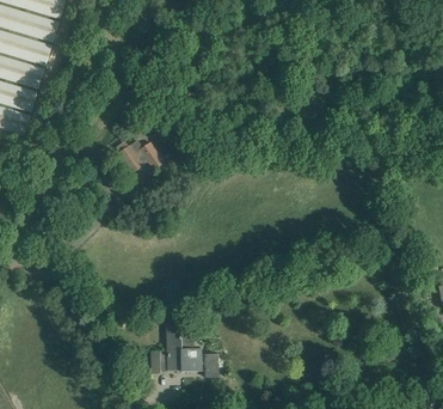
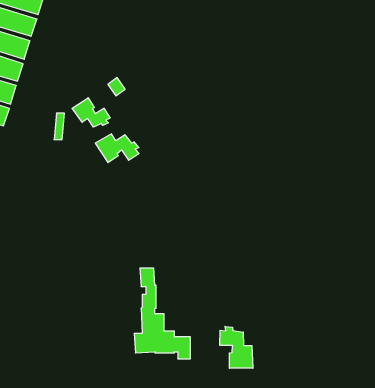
building: none -> [72,98,110,127]
building: none -> [220,326,253,368]

